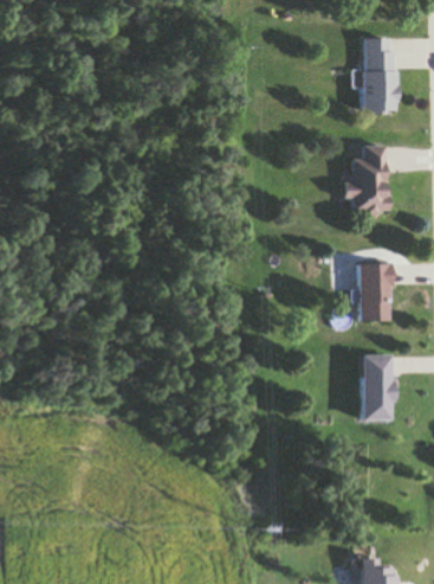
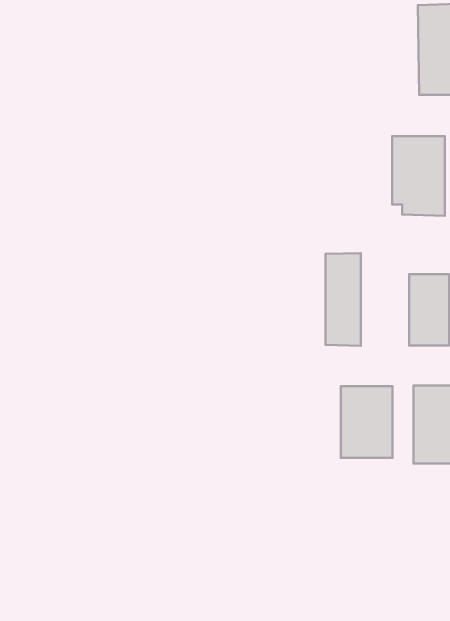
building: none -> [325,253,361,346]
building: none -> [341,386,393,458]

